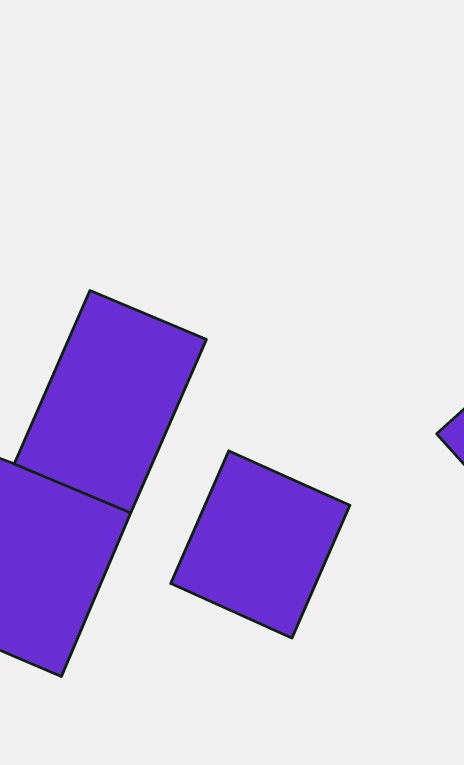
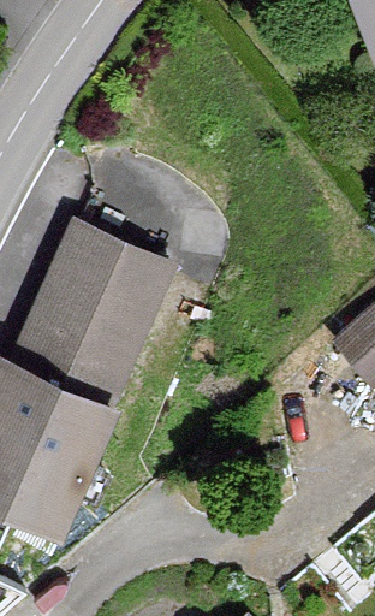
building: [171,451,350,638] -> none

